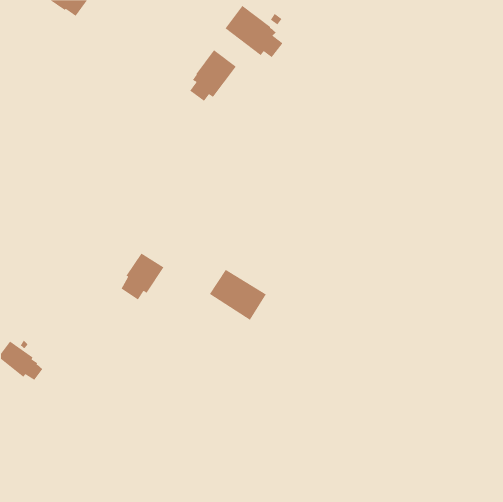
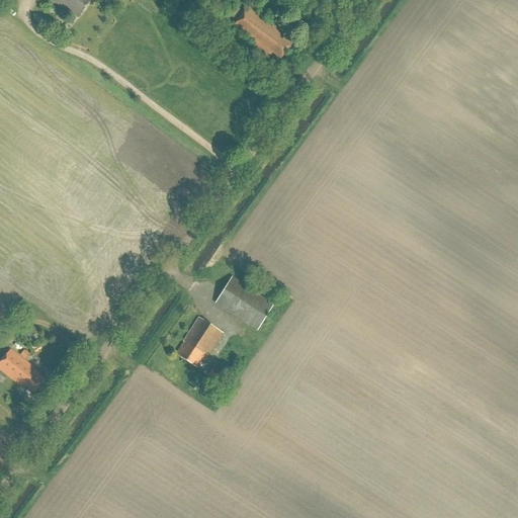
building: [189,49,237,102] -> none
building: [120,252,165,301] -> [176,317,222,366]

